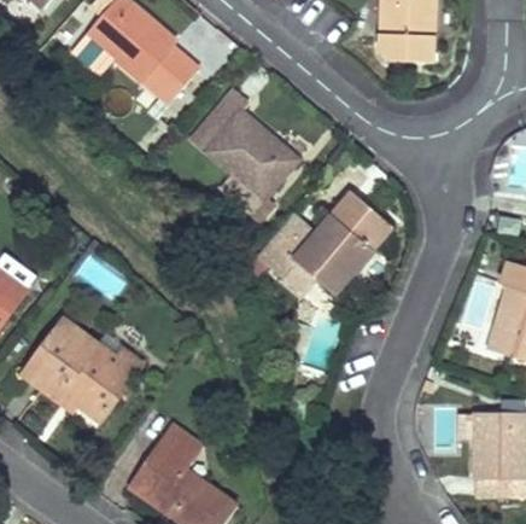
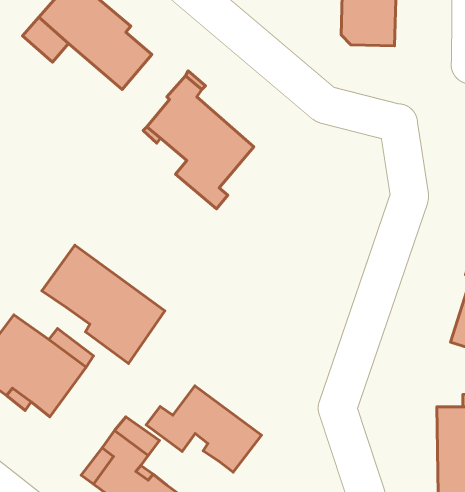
building: [257,192,391,293] -> none
building: none -> [42,245,165,364]
building: none -> [146,386,262,472]

